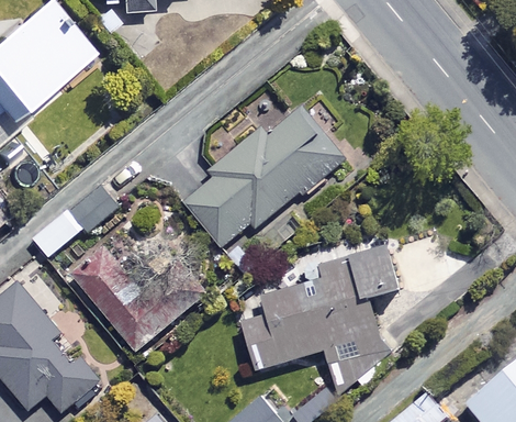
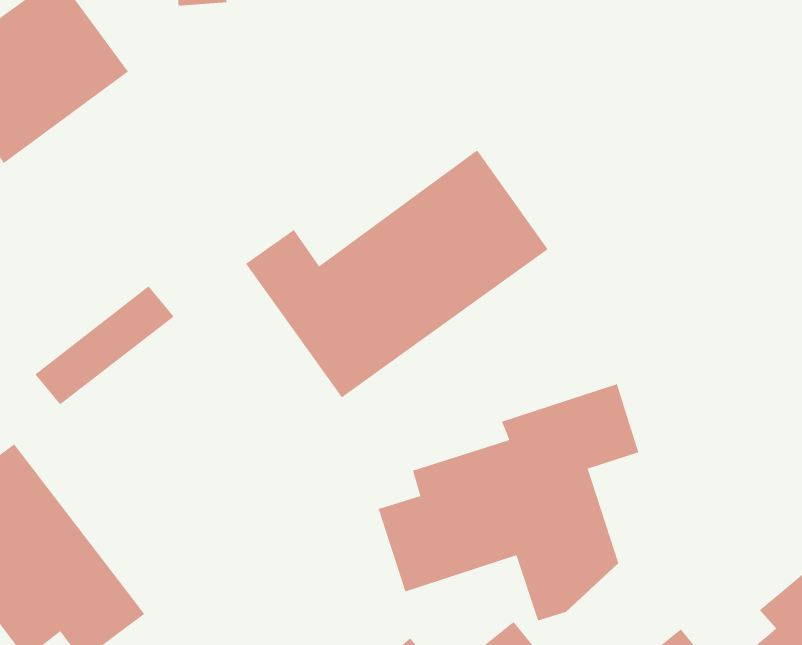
building: [72,246,197,349] -> none

